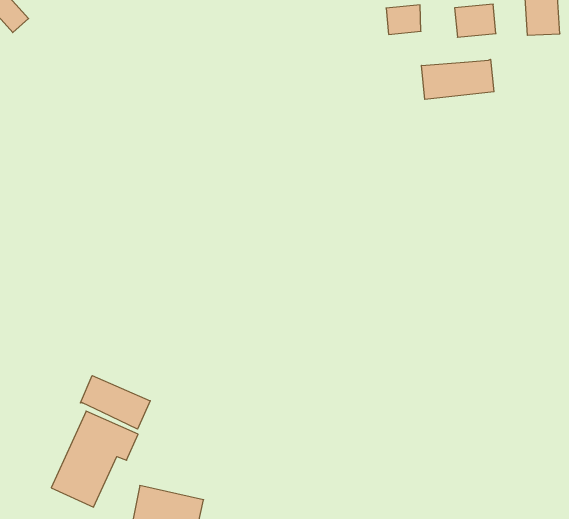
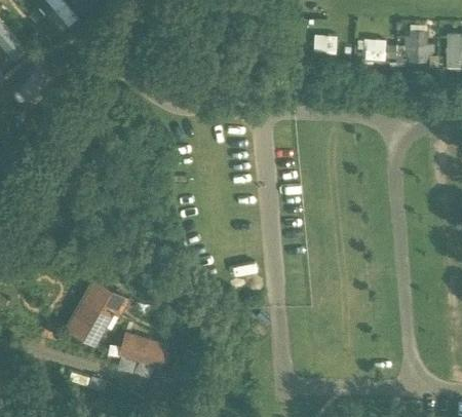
building: [421,59,494,99] -> none
building: [80,376,150,429] -> none

